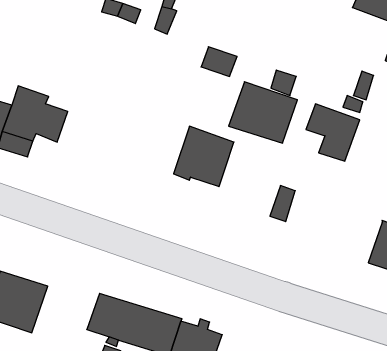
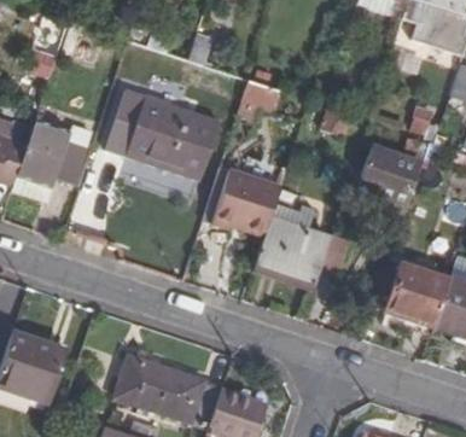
building: none -> [117,91,219,177]
building: [229,82,297,143] -> [251,215,330,285]
building: none -> [383,261,448,327]

